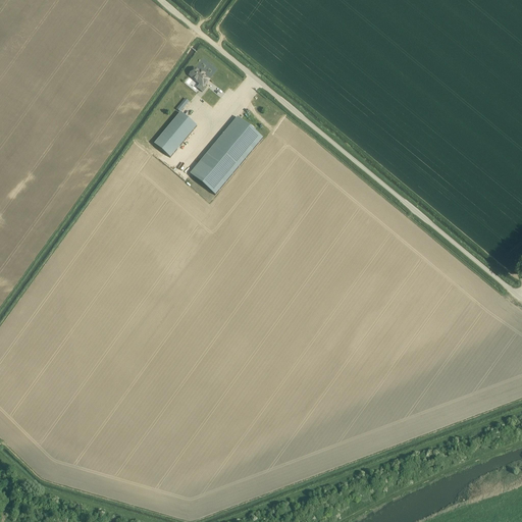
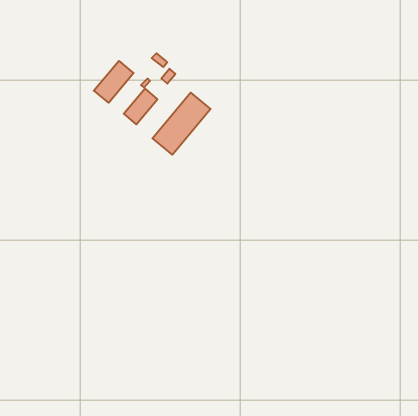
building: none -> [94,61,134,103]

